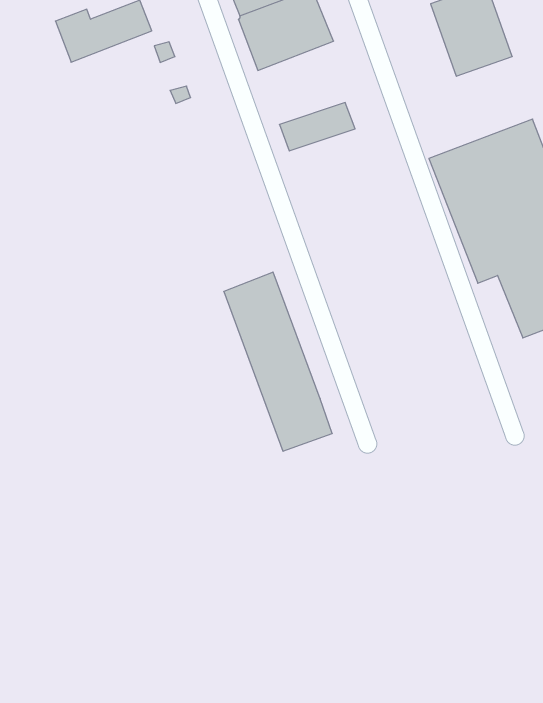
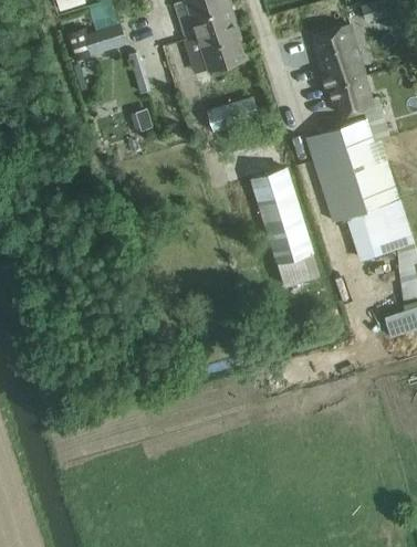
building: none -> [326,74,373,116]
building: [224,272,332,451] -> [252,168,319,286]

